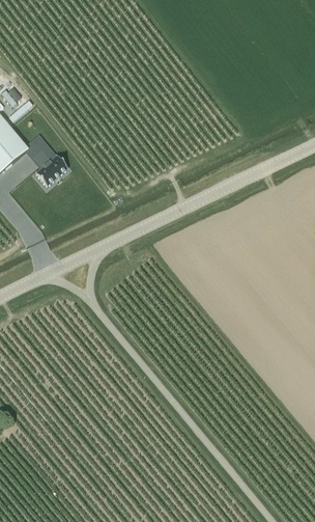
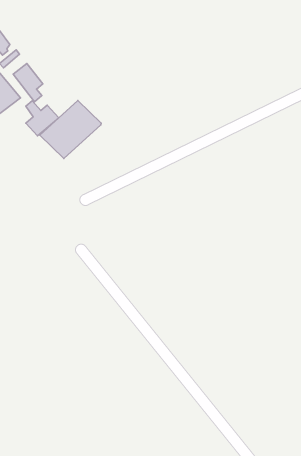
building: none -> [40,101,101,159]

